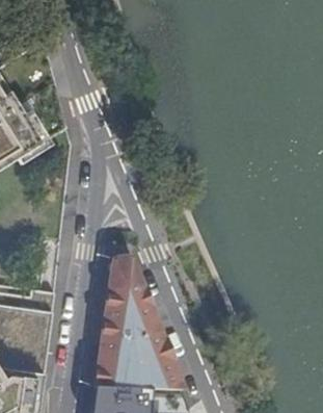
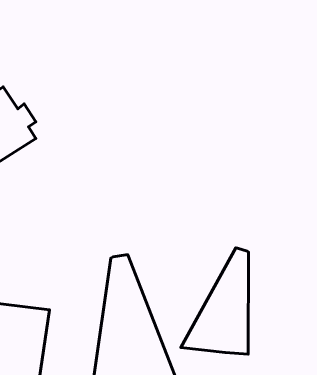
building: none -> [181,248,249,354]

